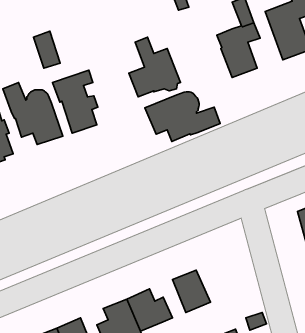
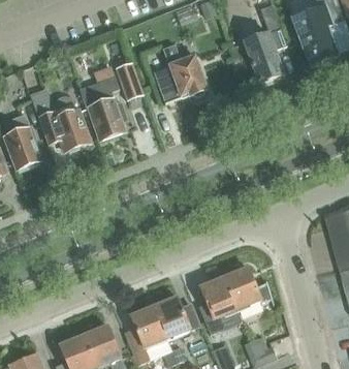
building: [33,31,60,68] -> [116,62,142,99]
building: [145,92,220,142] -> none
building: none -> [223,267,274,309]

